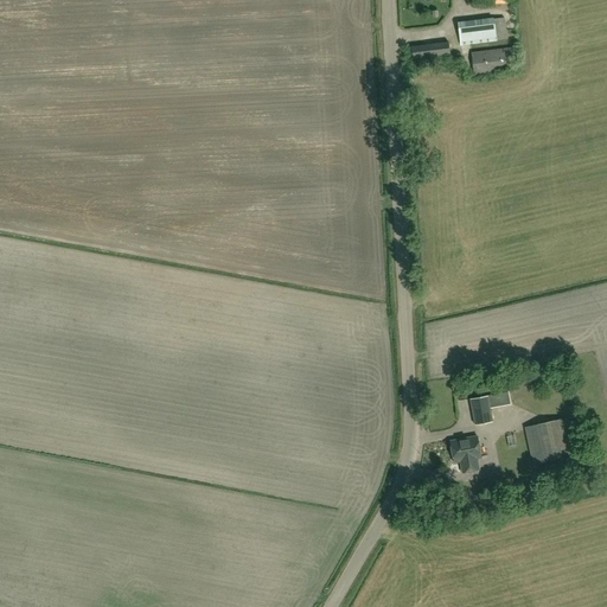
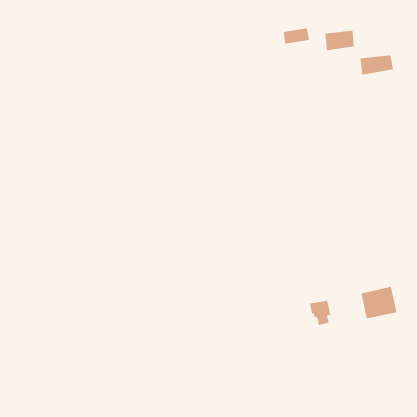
building: [456,15,506,45] -> [359,55,394,75]
building: [468,390,510,424] -> none

